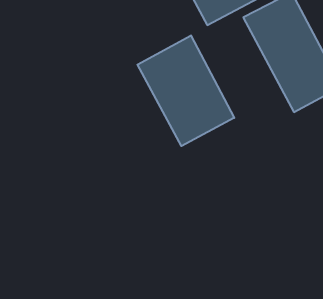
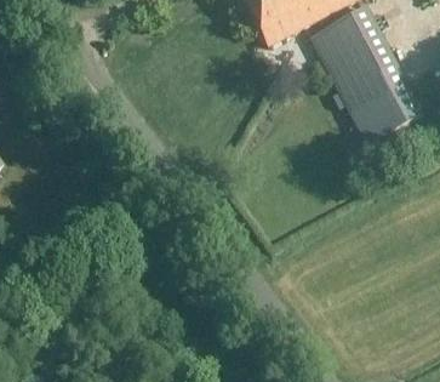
building: [137,35,234,146] -> none

